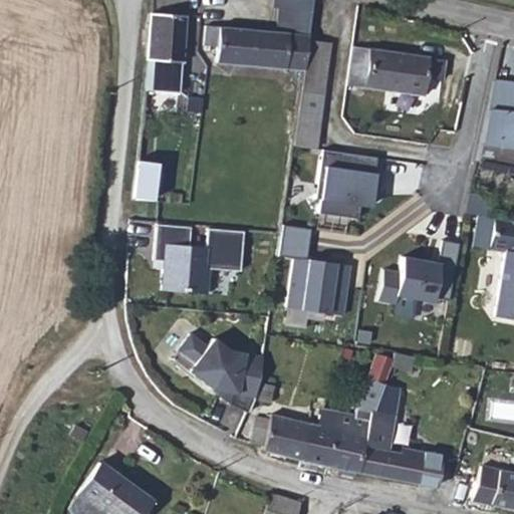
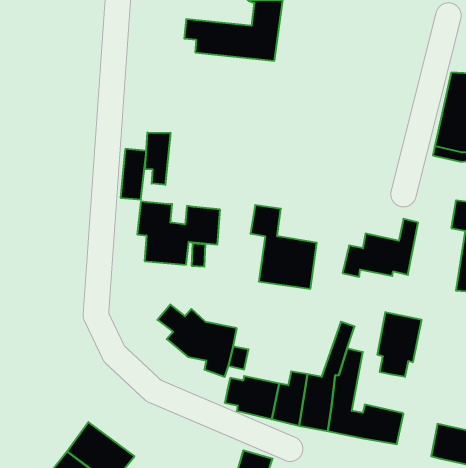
building: [148,11,188,93] -> none
building: [293,39,331,149] -> none
building: [347,46,447,93] -> none
building: none -> [145,132,170,185]
building: [321,154,379,222] -> none
building: none -> [378,312,421,377]

